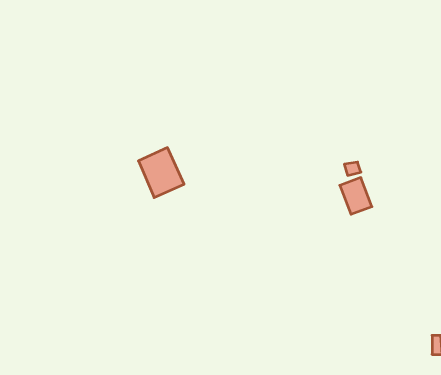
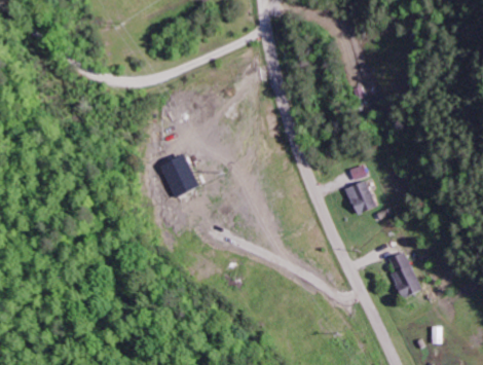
building: none -> [386,252,421,298]

